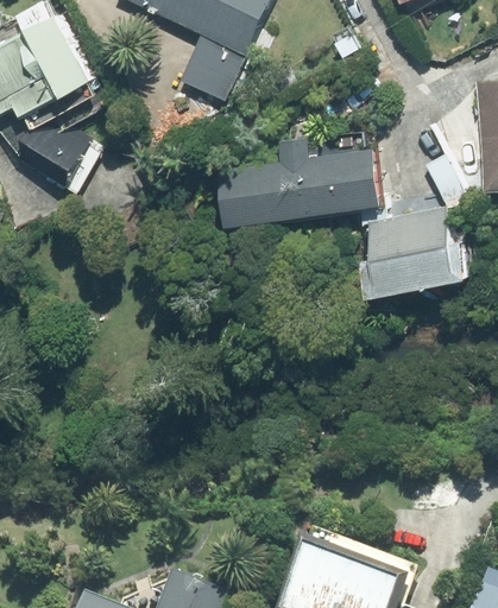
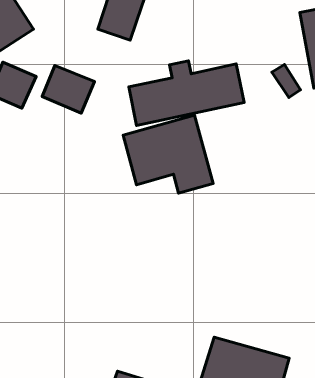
building: none -> [42,66,95,113]
building: [360,208,468,293] -> none
building: none -> [123,115,213,193]

